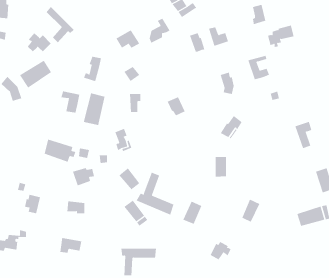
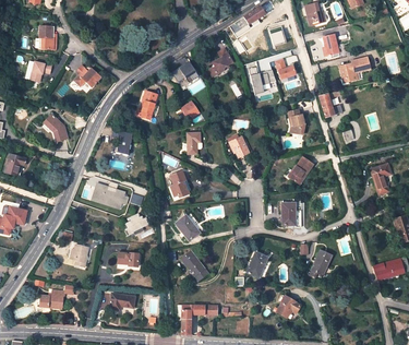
building: [46,6,75,43] -> none
building: [19,60,52,88] -> none
building: [83,93,105,126] -> none
building: [136,172,174,216] -> none

